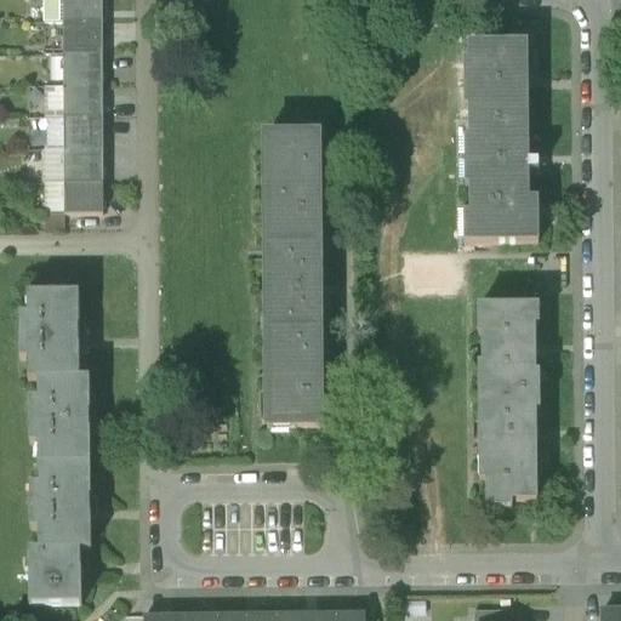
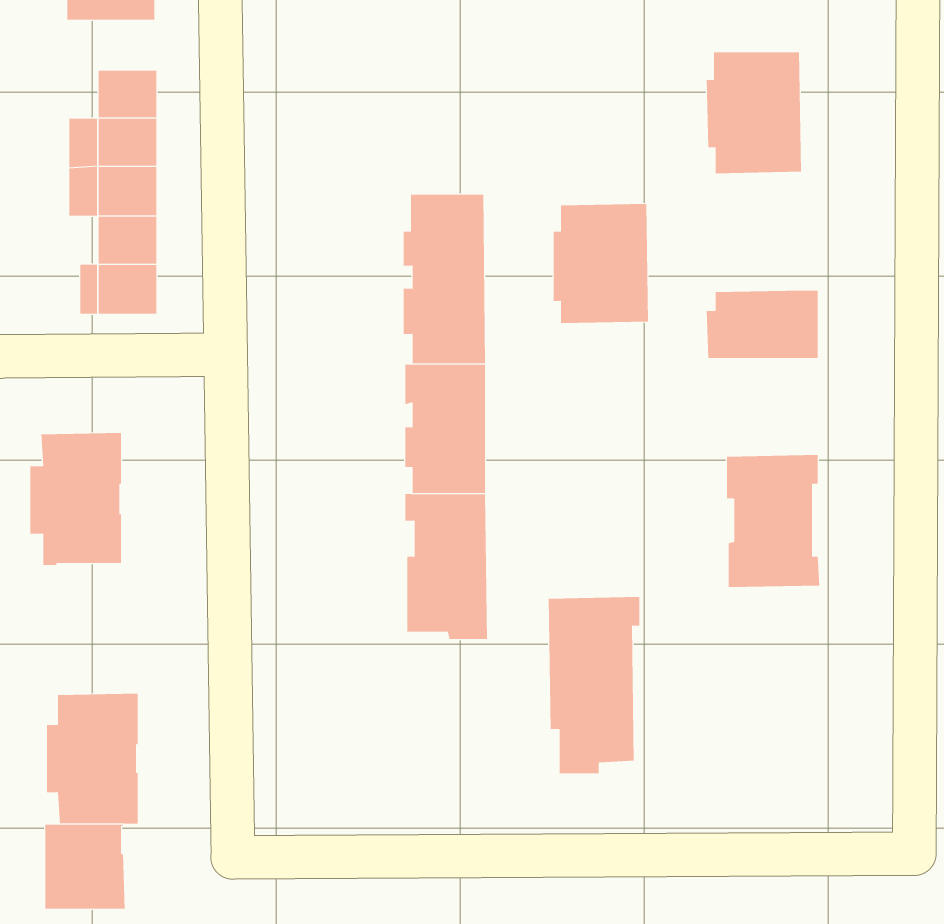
building: [63,13,103,46] -> none
building: [465,113,528,192] -> [553,203,649,324]
building: [29,370,91,456] -> none
building: [478,384,539,501] -> [548,597,640,774]

